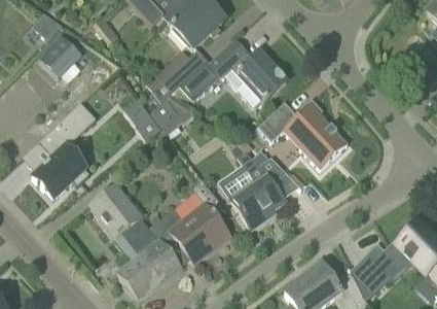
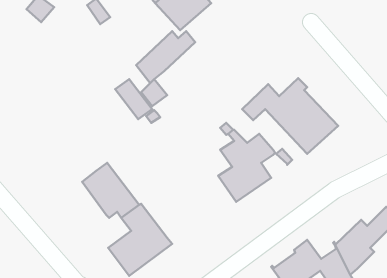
building: [39,34,82,80] -> none
building: [175,40,287,107] -> none
building: [32,103,97,200] -> none
building: [151,202,229,263] -> none

